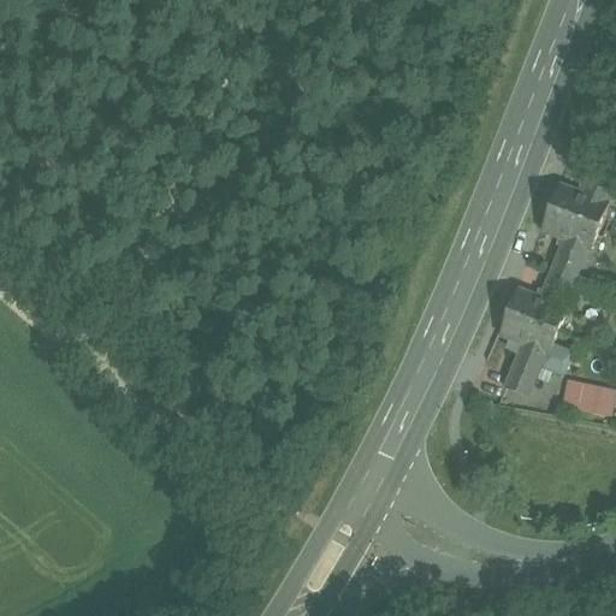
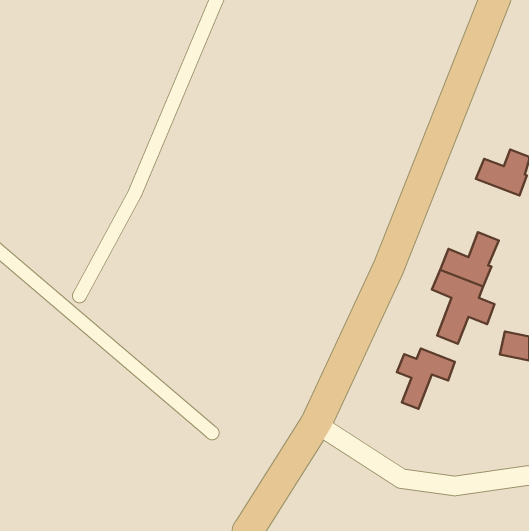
building: [539,206,598,277] -> none
building: none -> [397,349,455,409]

